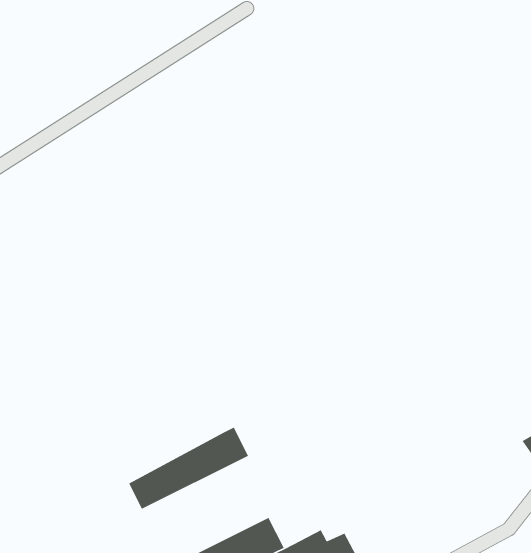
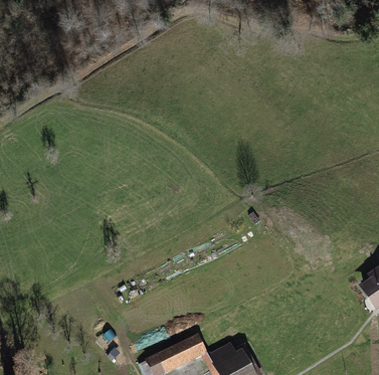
building: [128,426,249,510] -> none

